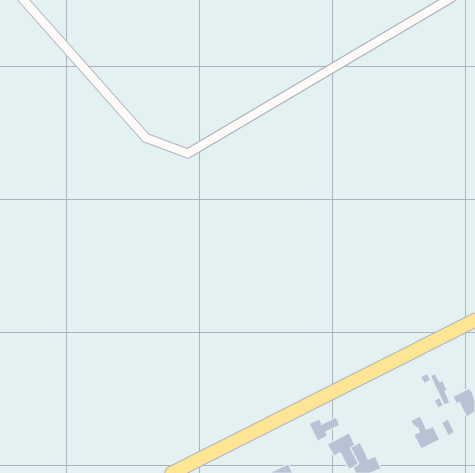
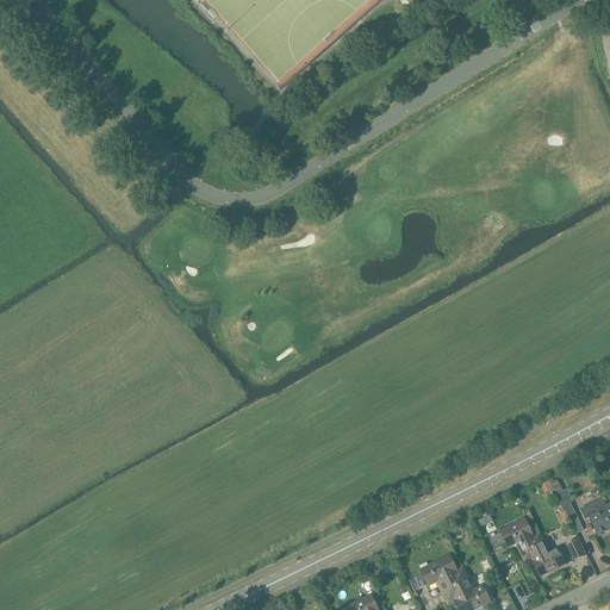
building: none -> [481,517,537,559]
building: [309,417,340,441] -> none

